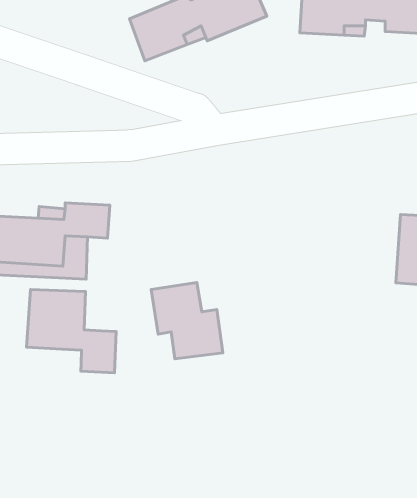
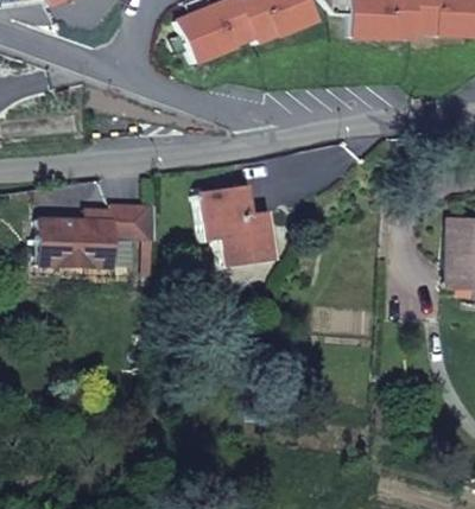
building: [151,283,223,359] -> [201,184,273,261]
building: [26,290,116,373] -> none

